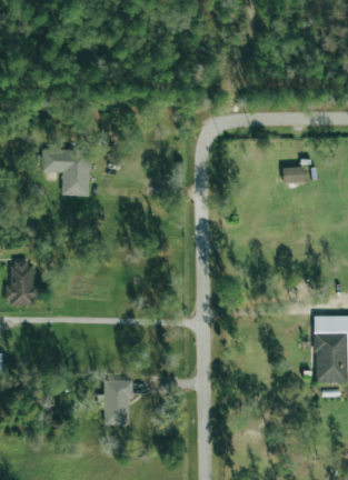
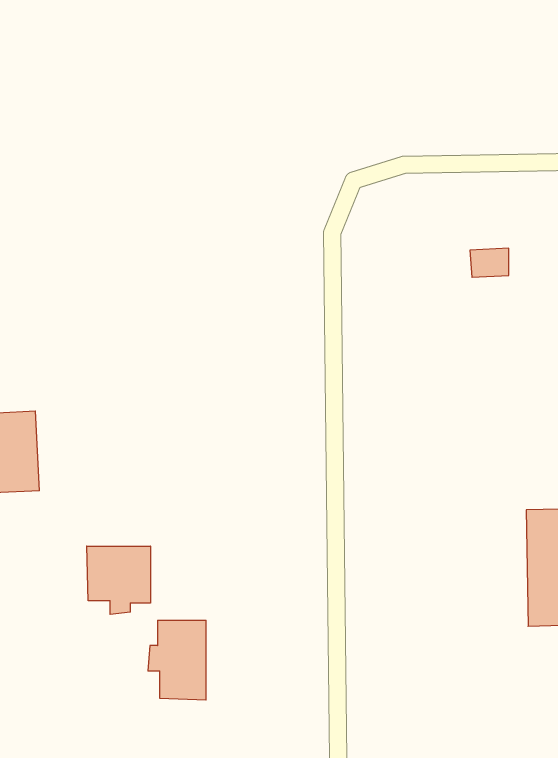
building: [42,149,91,197] -> none
building: none -> [87,546,150,614]

